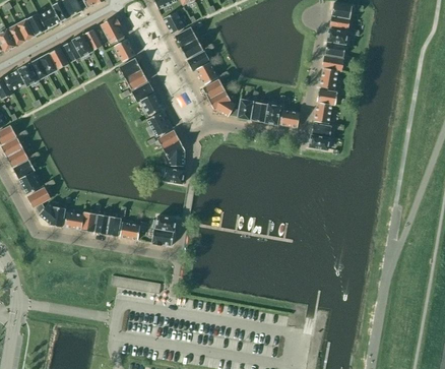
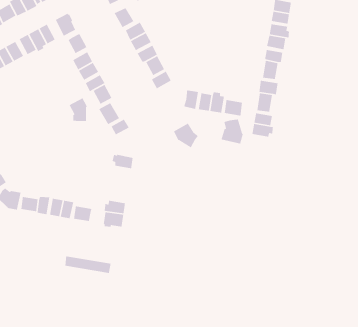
building: [208,89,236,117] -> [173,122,199,148]
building: none -> [221,118,244,145]
building: [165,139,185,166] -> [69,97,88,122]

